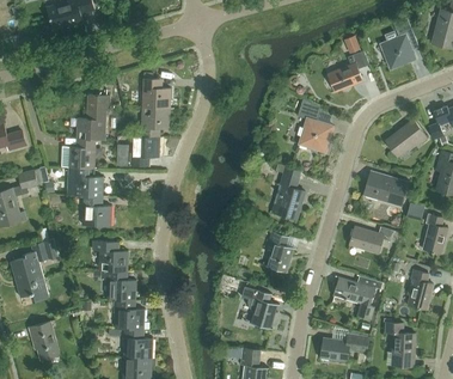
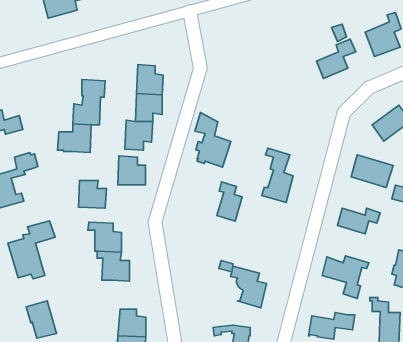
building: [295,97,332,153] -> [195,113,231,167]
building: [74,167,103,197] -> [118,156,146,185]
building: [267,232,293,273] -> [217,182,242,221]
building: [115,300,143,330] -> none

